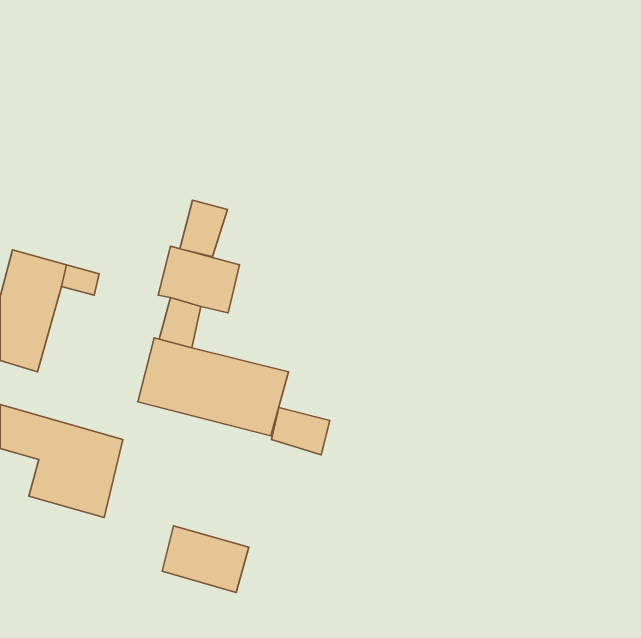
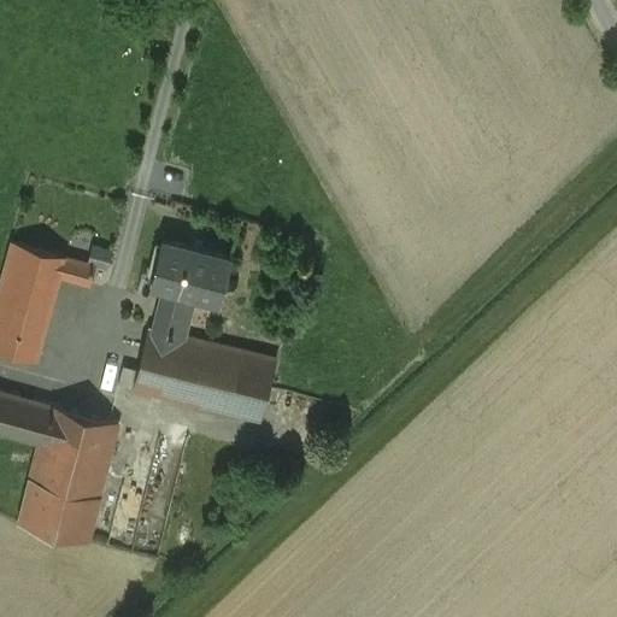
building: [180,200,227,257] -> none
building: [271,408,330,455] -> none
building: [162,526,249,593] -> [17,480,100,543]

